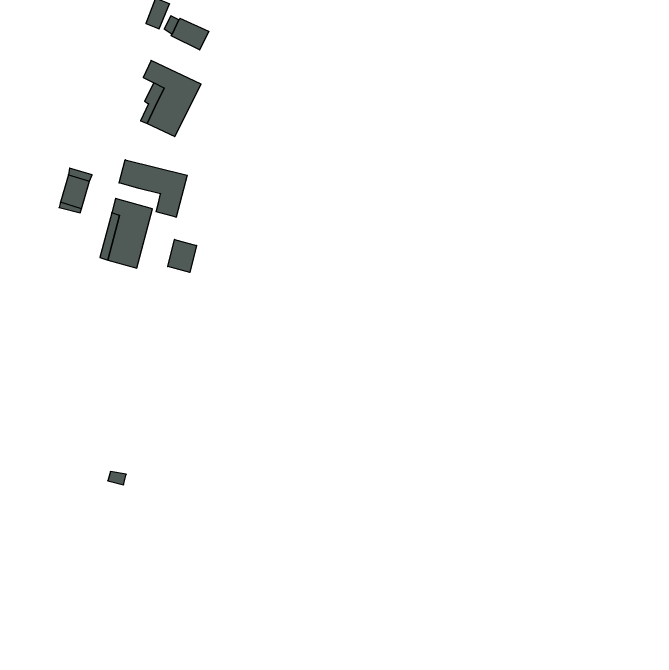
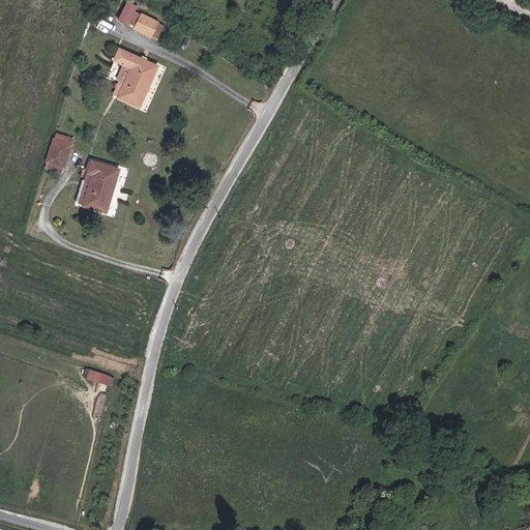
building: [119,160,187,217] -> none
building: [168,239,197,272] -> none

